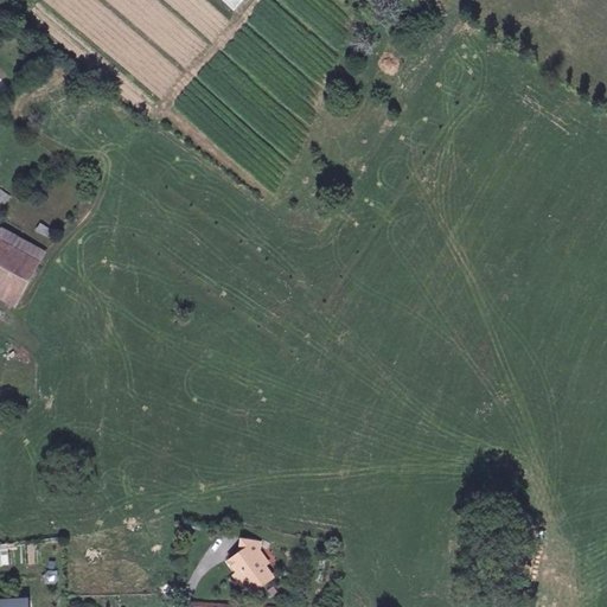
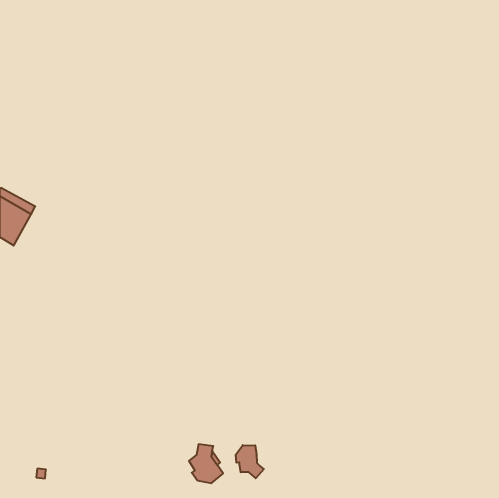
building: none -> [236,445,264,478]

